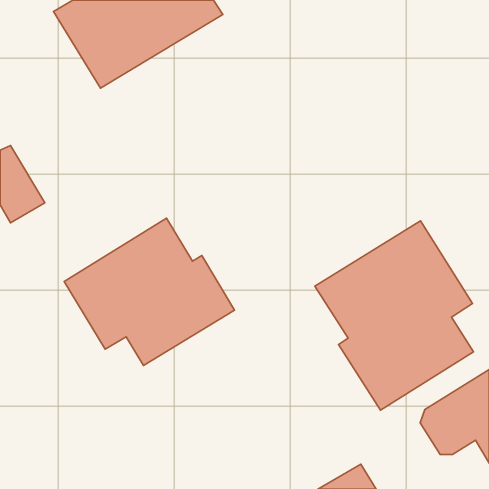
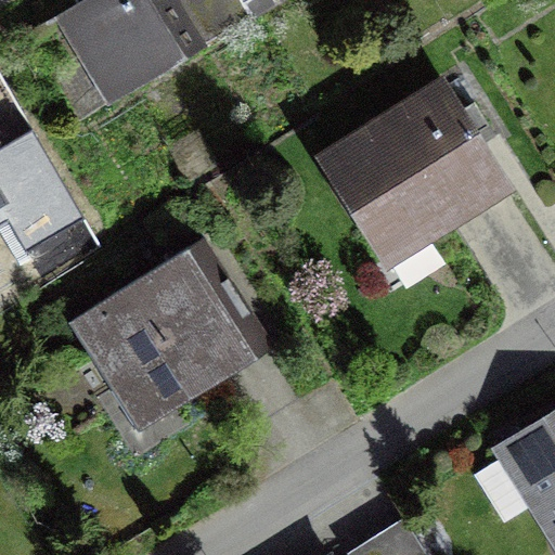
building: none -> [325,86,506,245]
building: [315,221,474,410] -> none

